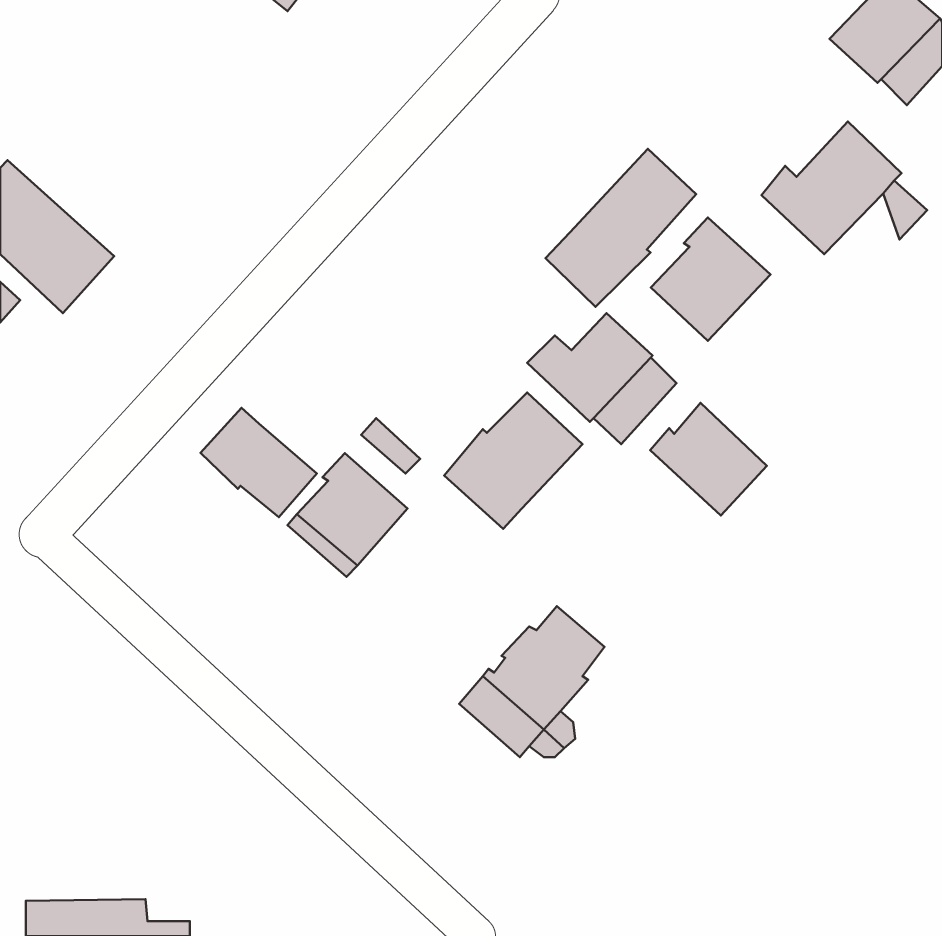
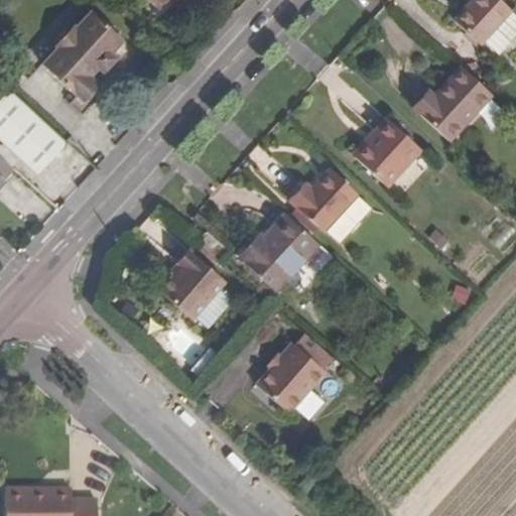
building: none -> [40,8,121,99]
building: [545,149,696,307] -> none
building: [650,403,767,515] -> none
building: [201,408,317,517] -> none

